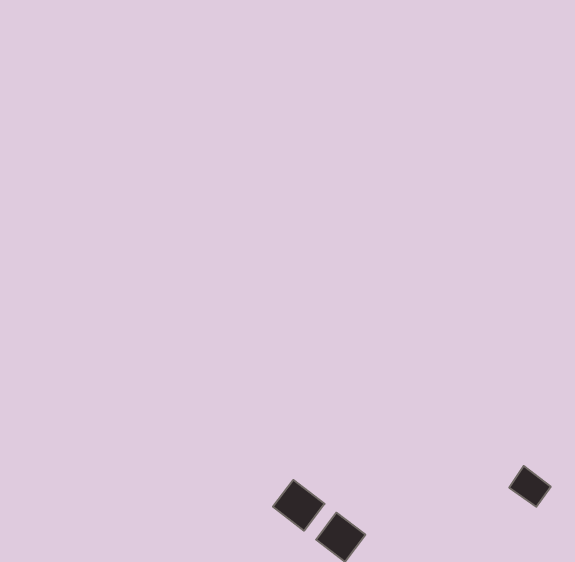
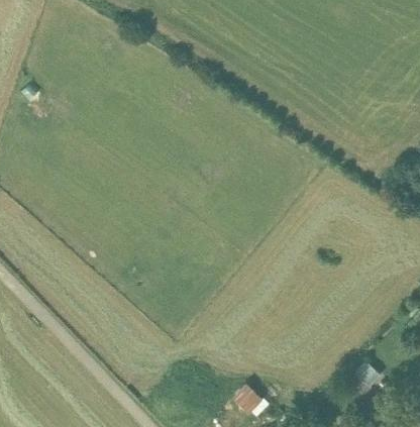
building: [273,480,325,531] -> none

